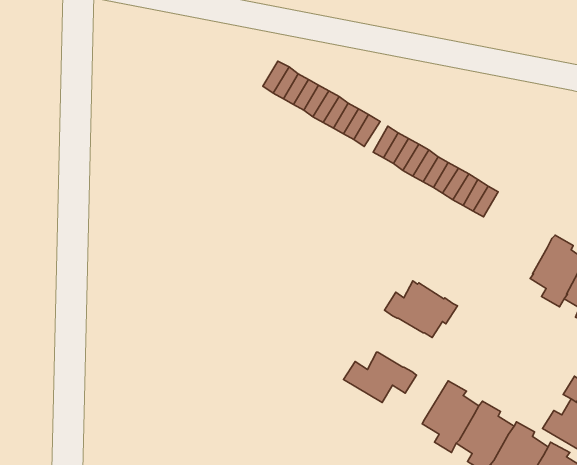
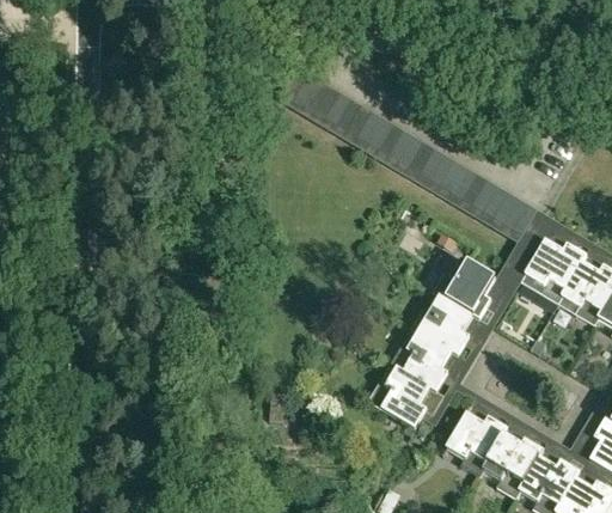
building: none -> [525,231,583,306]
building: none -> [429,262,506,319]
building: none -> [386,337,463,396]

